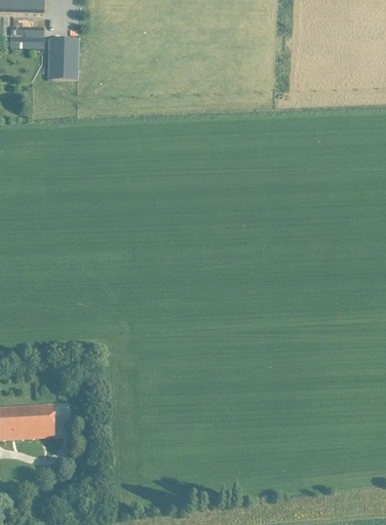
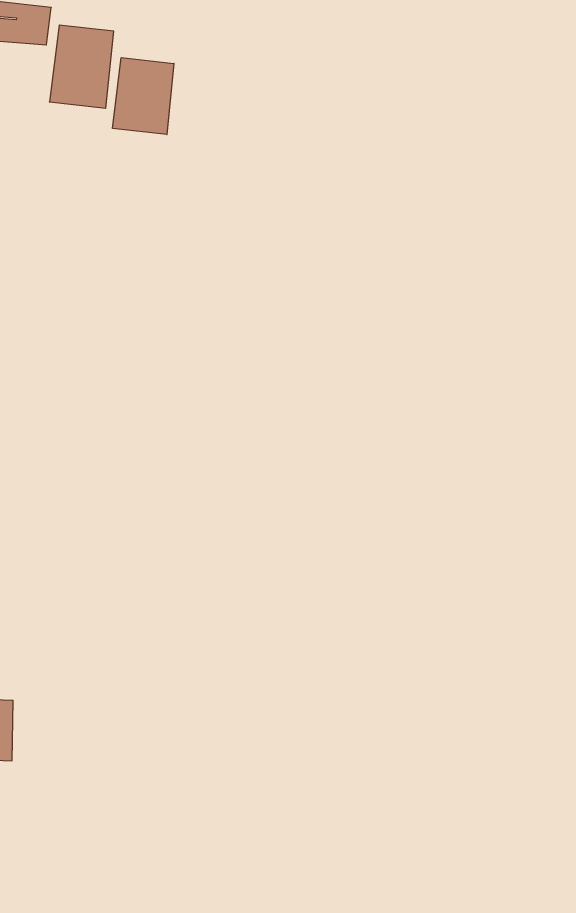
building: none -> [113,58,174,135]

